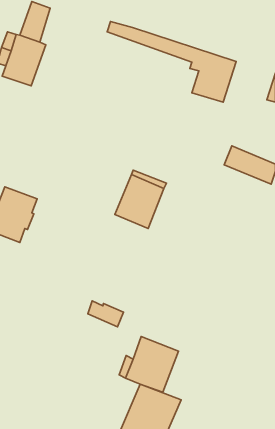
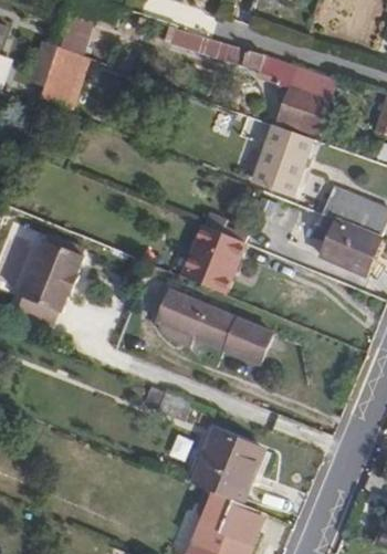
building: none -> [252,124,313,195]
building: none -> [311,212,379,274]
building: none -> [156,291,271,365]

